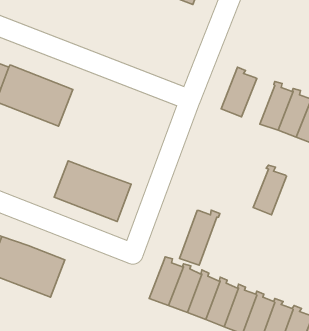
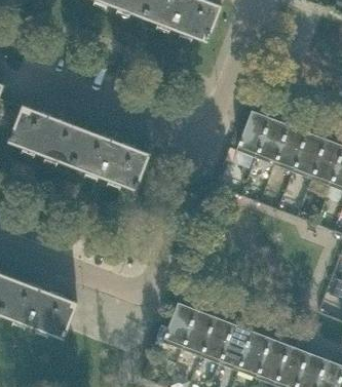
building: [54,161,131,222] -> [72,130,150,192]
building: [253,165,287,215] -> [257,115,291,165]
building: [180,210,220,265] -> none

